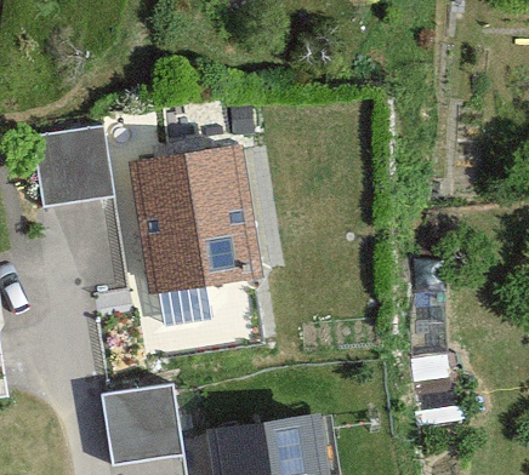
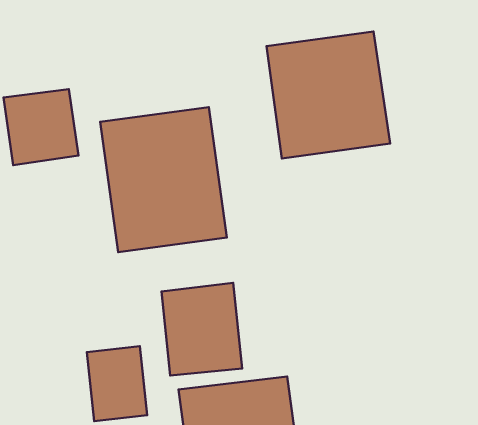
building: none -> [266,32,390,158]
building: none -> [162,283,242,376]

